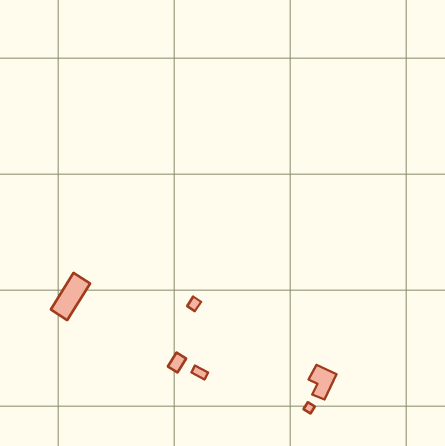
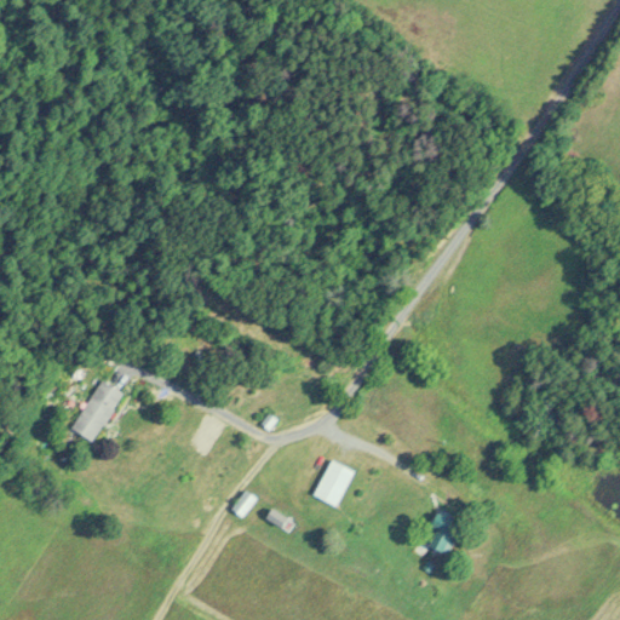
building: none -> [311,457,355,507]

